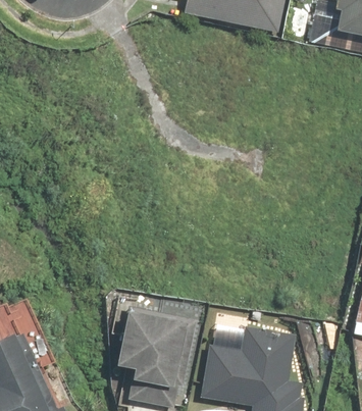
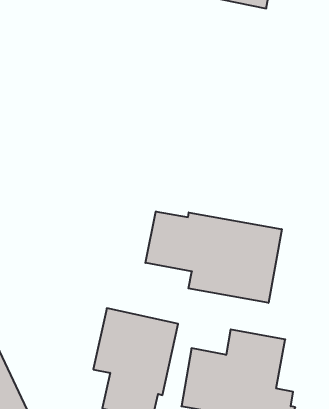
building: none -> [145,211,282,303]

